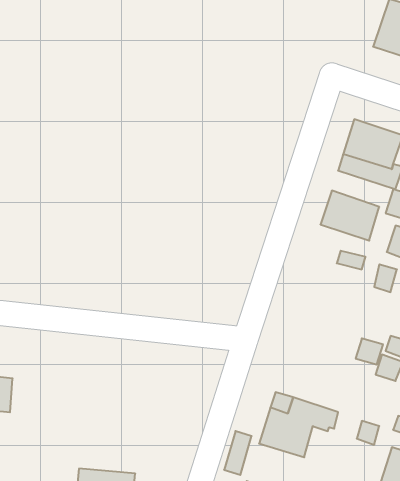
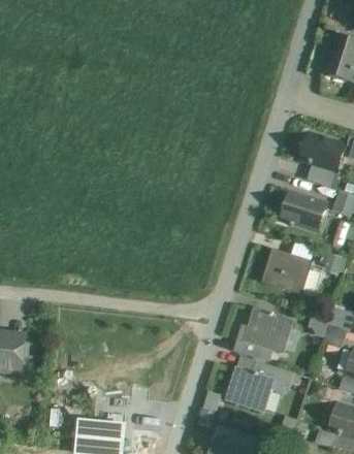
building: none -> [261,251,310,294]
building: none -> [246,310,290,351]

